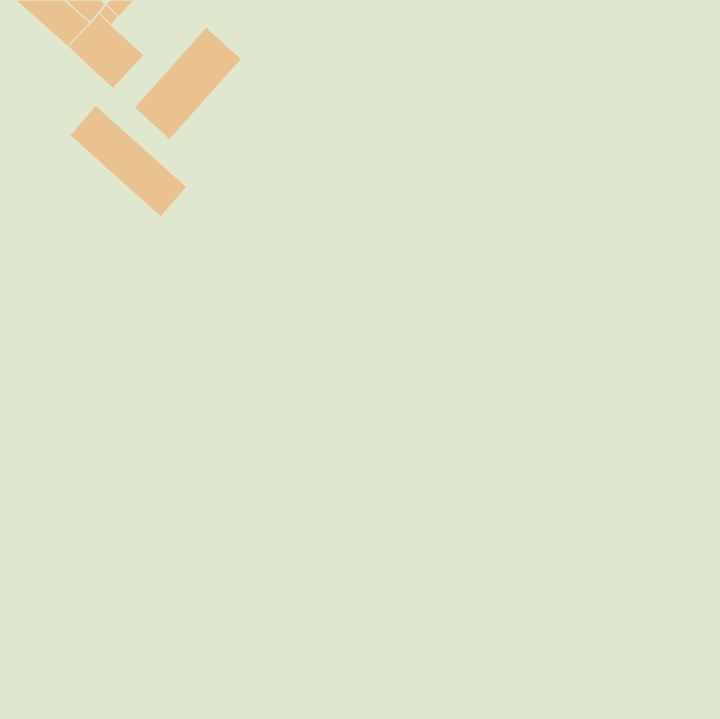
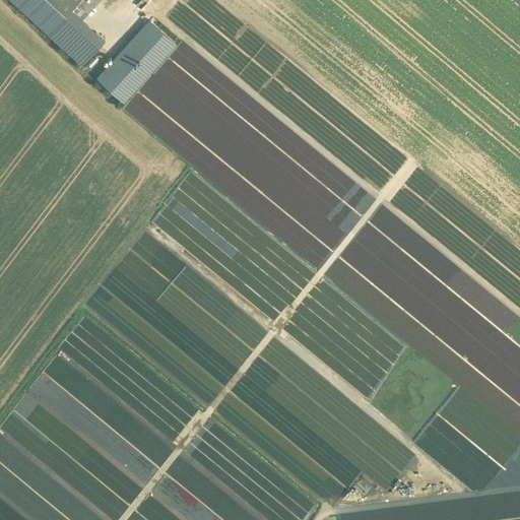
building: [70,105,187,217] -> none

